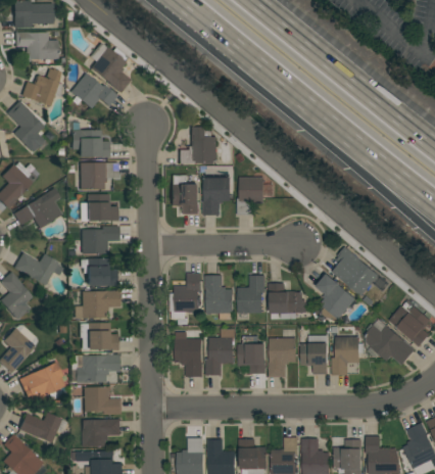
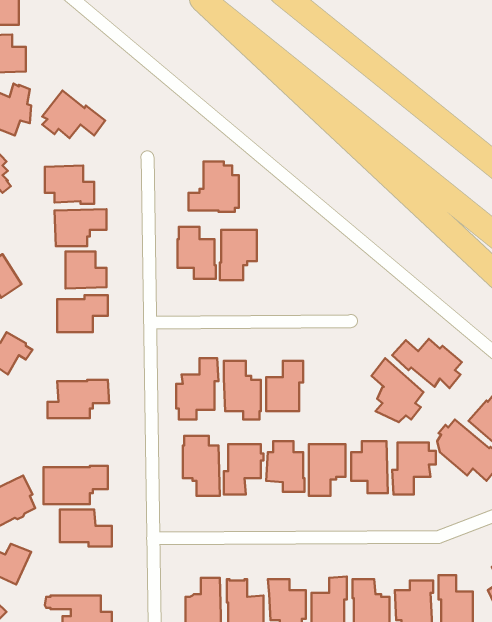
building: [90,43,132,93] -> none
building: [238,178,277,216] -> none
building: [81,258,117,286] -> none
building: [270,284,307,320] -> none
building: [80,323,118,350] -> none
building: [83,419,122,447] -> none

